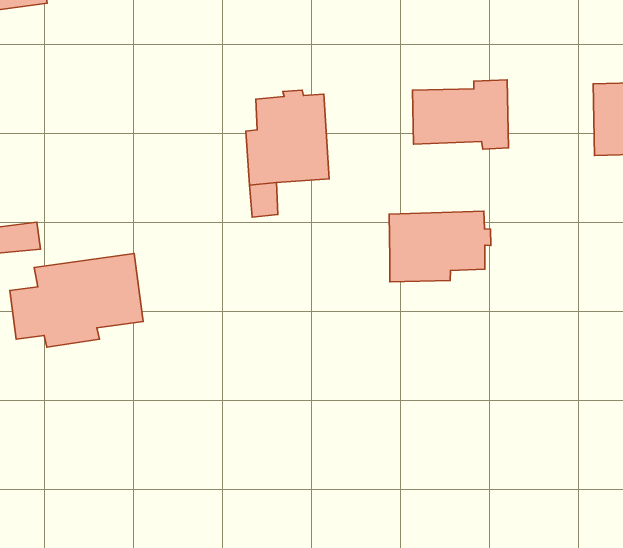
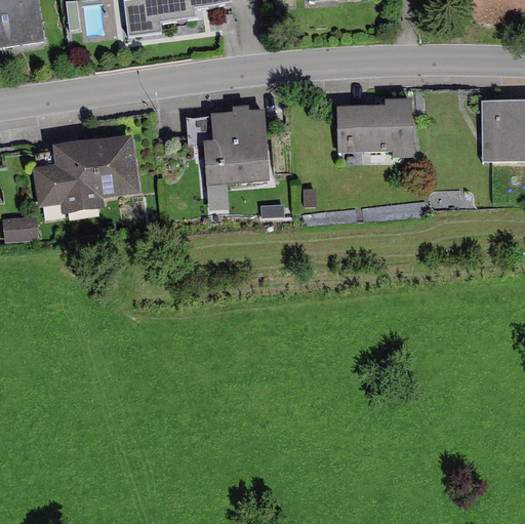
building: [389,211,491,282] -> none
building: [10,253,143,347] -> [33,136,139,211]

